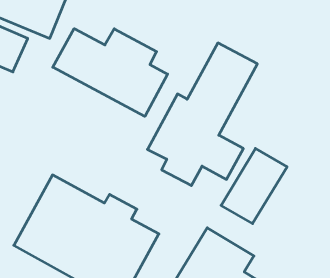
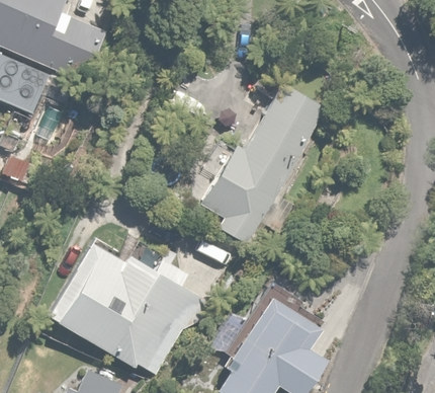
building: [53,29,168,116] -> none
building: [221,148,287,224] -> none

